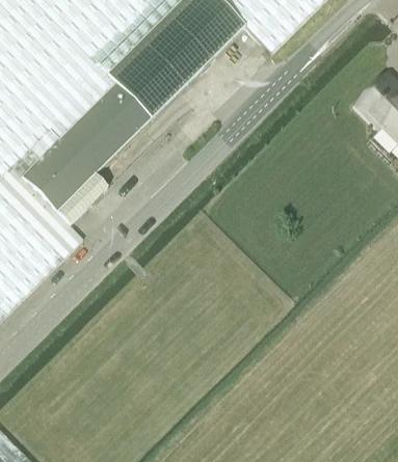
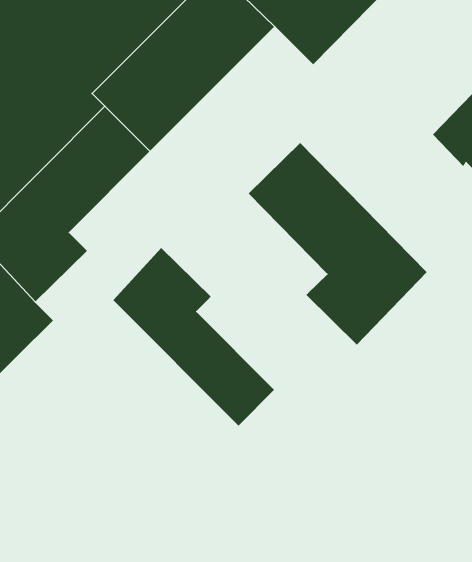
building: none -> [248,142,427,346]
building: none -> [113,247,275,426]

